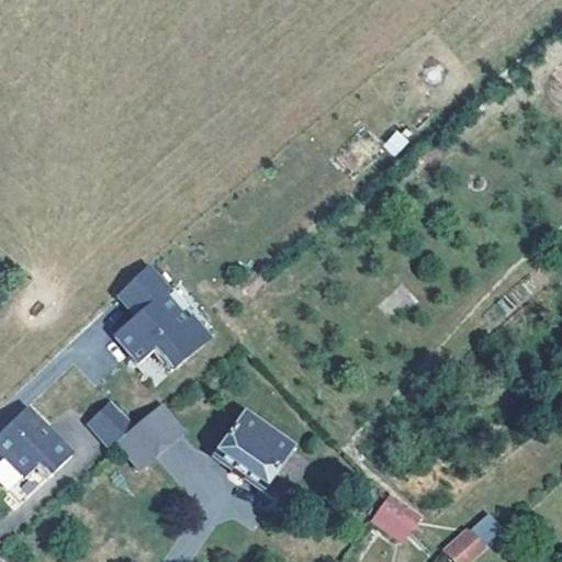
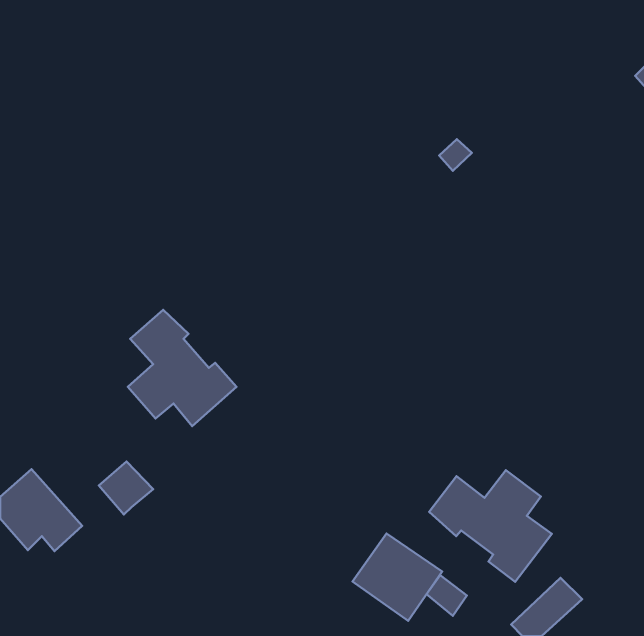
building: [116,403,183,469] -> none
building: none -> [429,470,552,582]
building: [216,414,294,490] -> [352,534,442,621]

